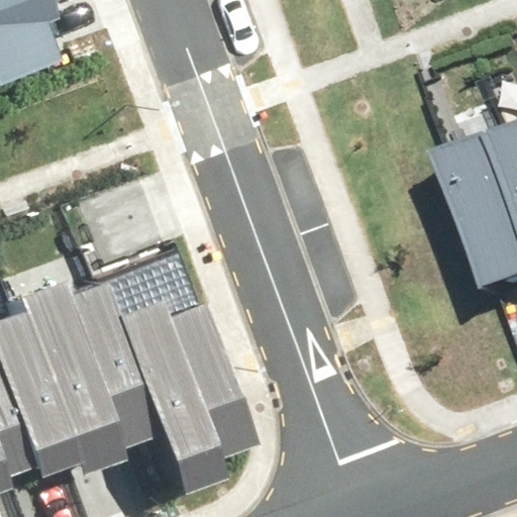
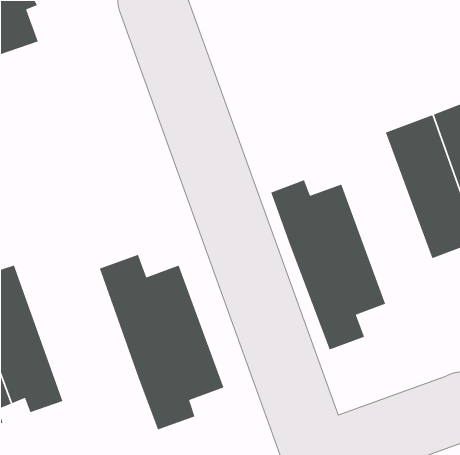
building: none -> [270,179,386,351]
building: [15,275,157,471] -> none

